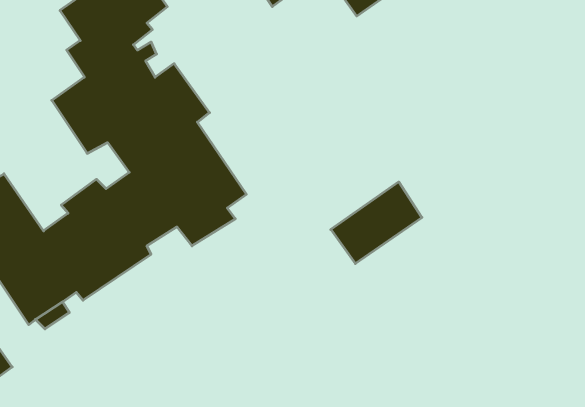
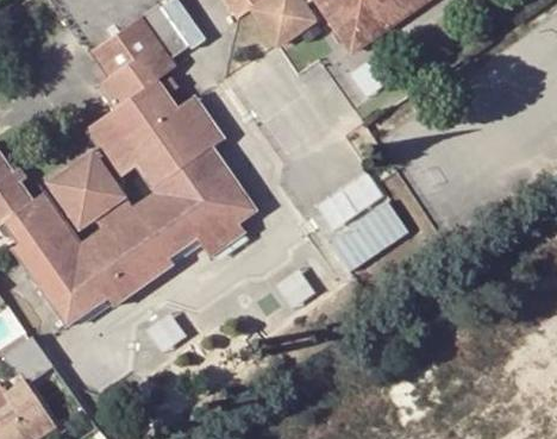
building: none -> [46,150,125,228]

